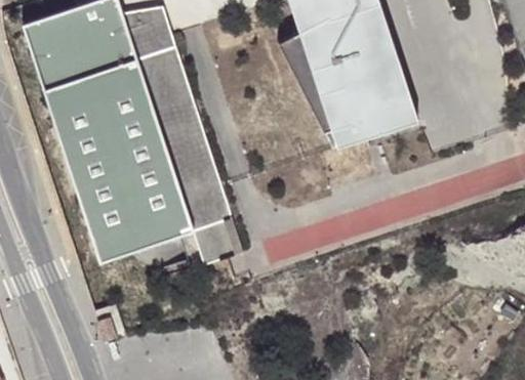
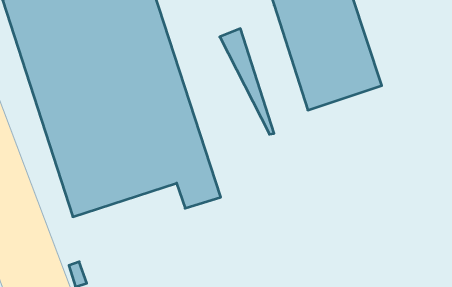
building: [283,35,342,151] -> [220,29,274,134]

